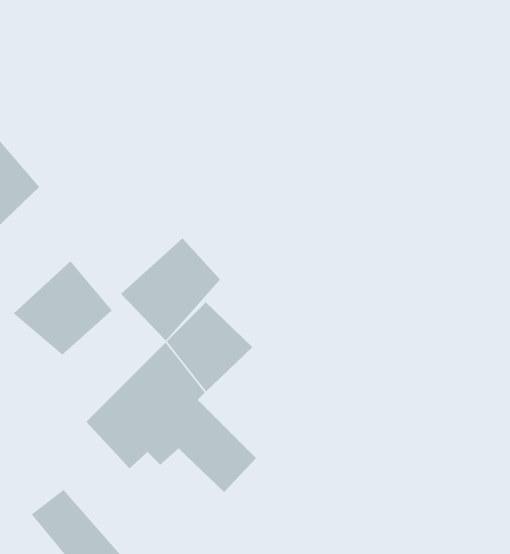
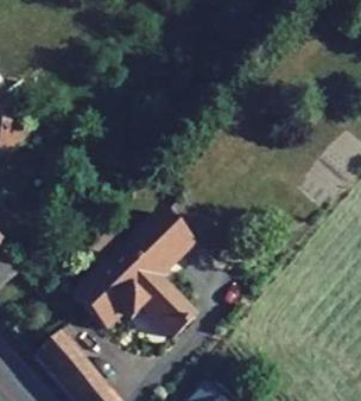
building: [120,238,221,341] -> none
building: [13,260,112,355] -> none

